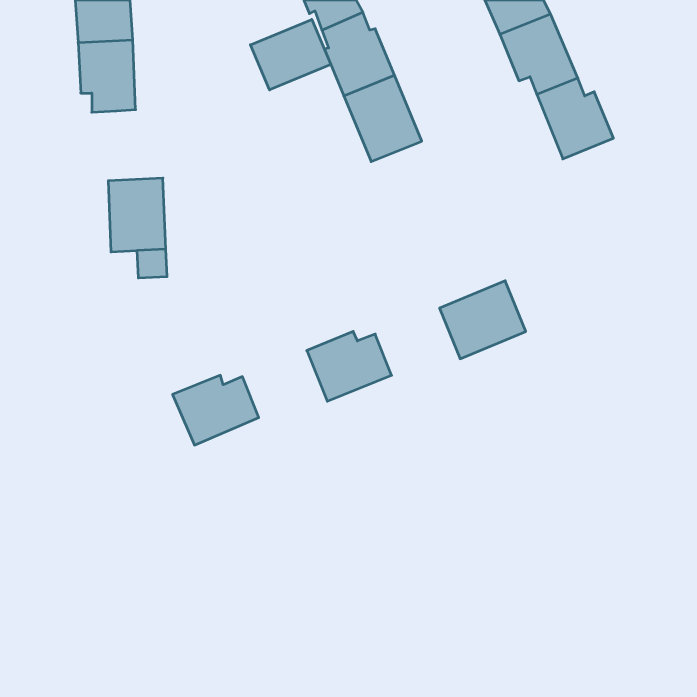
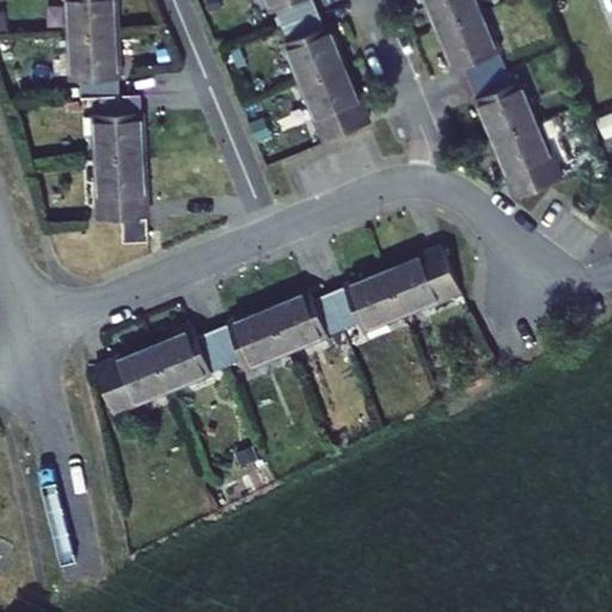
building: [250,19,331,90] -> none
building: none -> [92,98,142,160]
building: none -> [491,123,559,198]
building: none -> [328,271,402,332]
building: none -> [212,308,286,369]
building: none -> [94,347,170,414]

